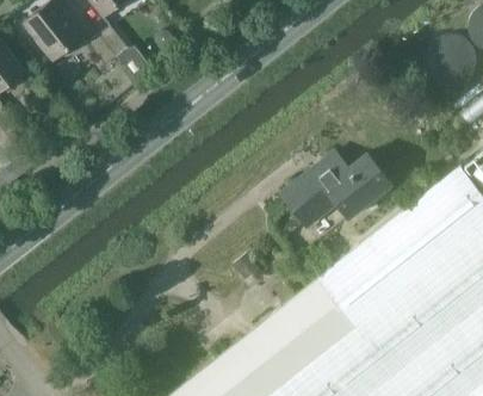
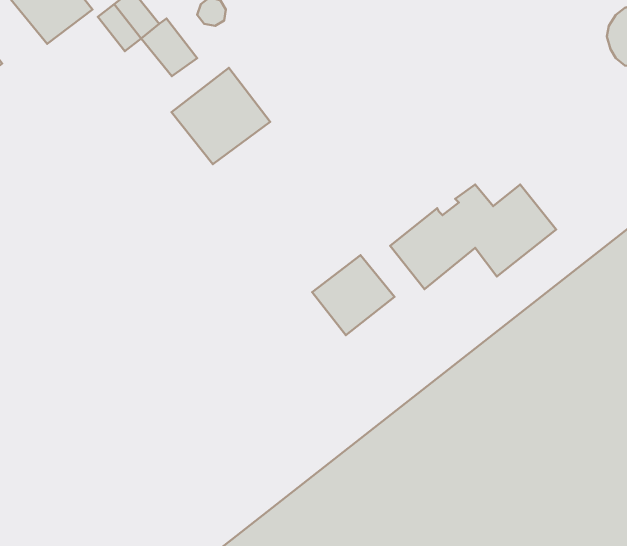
building: none -> [172,68,270,164]
building: none -> [312,255,395,335]

